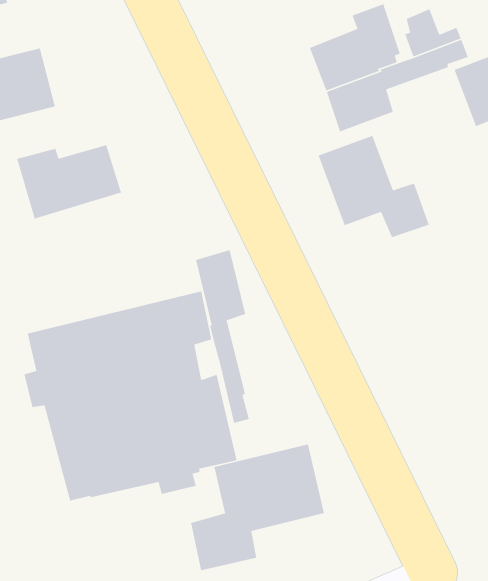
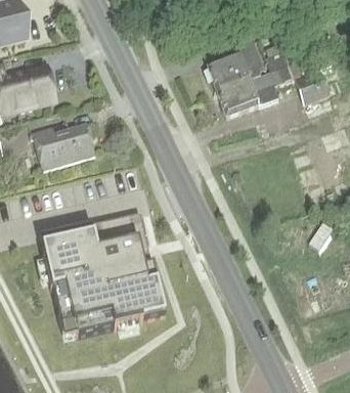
building: [318,135,430,238] -> none
building: [195,249,250,424] -> none
building: [190,443,325,571] -> none

